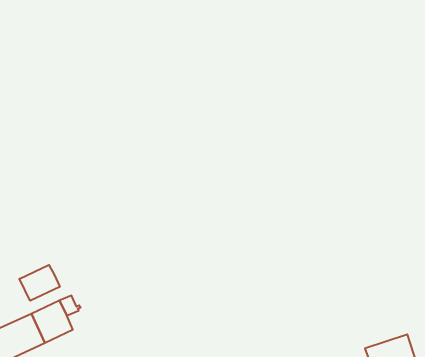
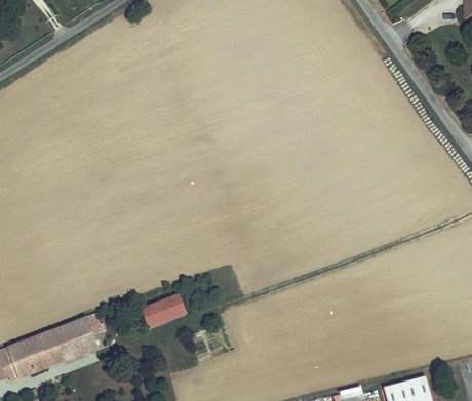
building: [19,265,60,301] -> none
building: none -> [140,293,185,327]

